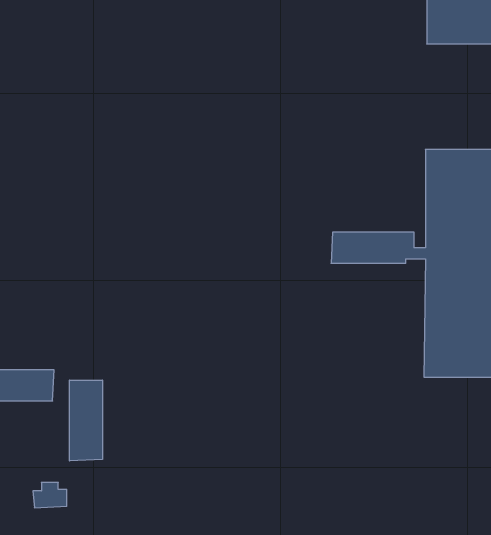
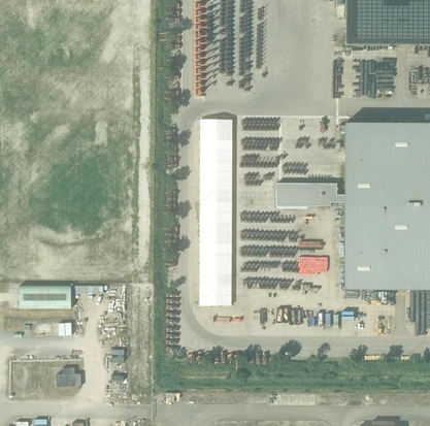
building: none -> [199,118,233,303]
building: [70,380,102,461] -> none

